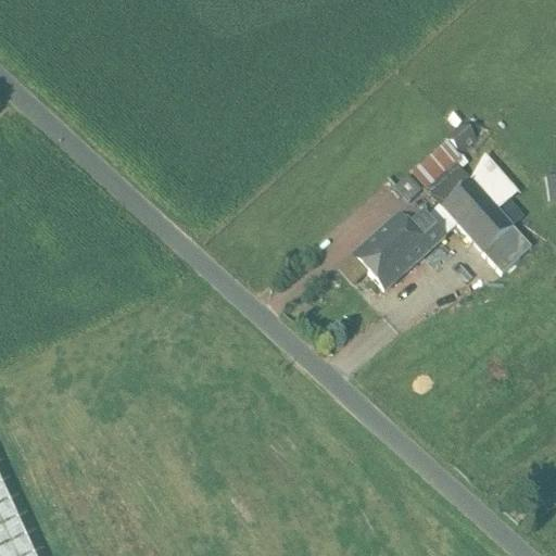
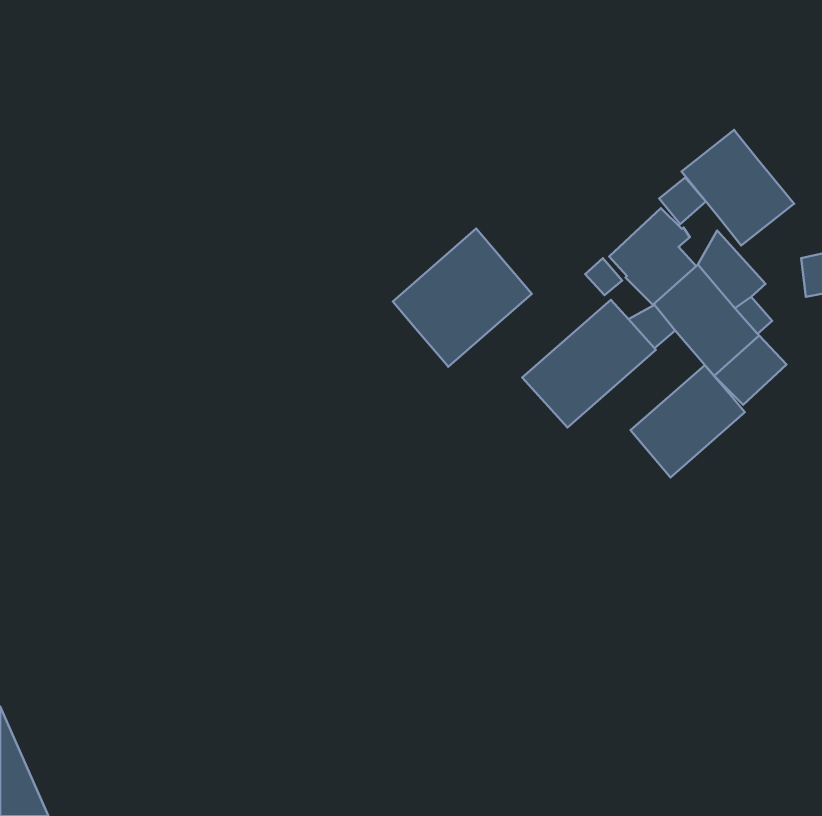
building: none -> [681,130,794,245]
building: none -> [393,228,532,367]
building: none -> [631,365,745,477]

